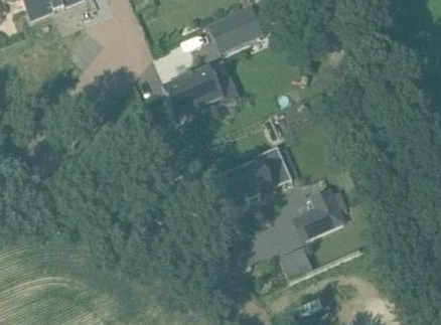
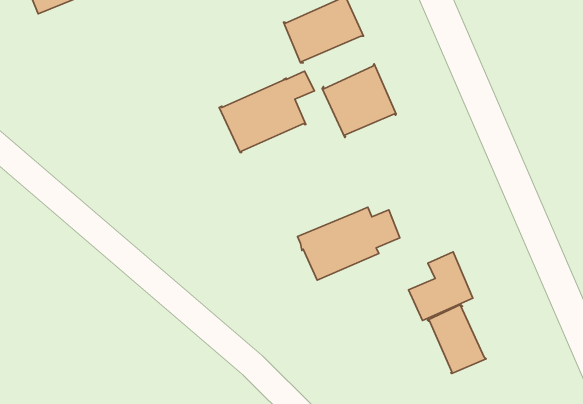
building: none -> [322,64,396,138]
building: none -> [427,304,486,374]

